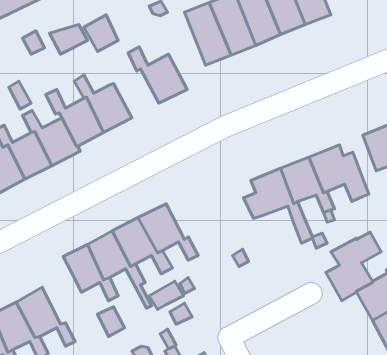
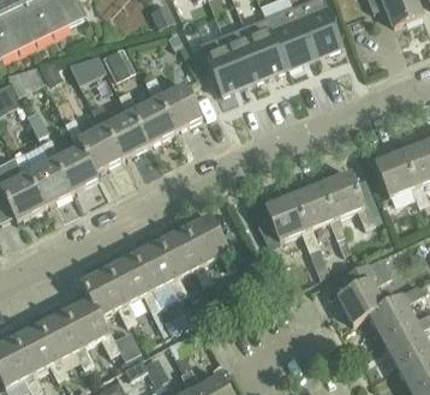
building: none -> [118,90,174,145]
building: none -> [181,215,238,271]
building: none -> [60,297,118,355]

